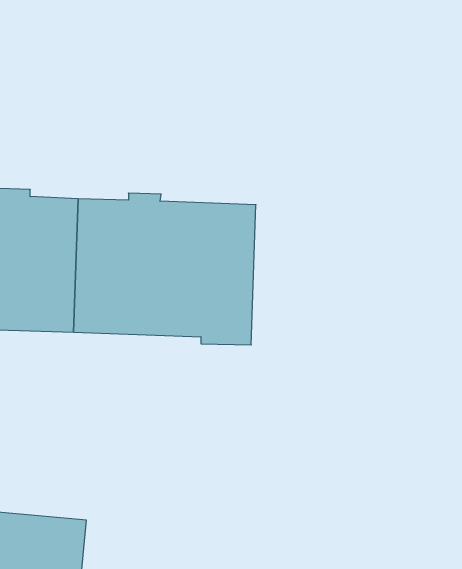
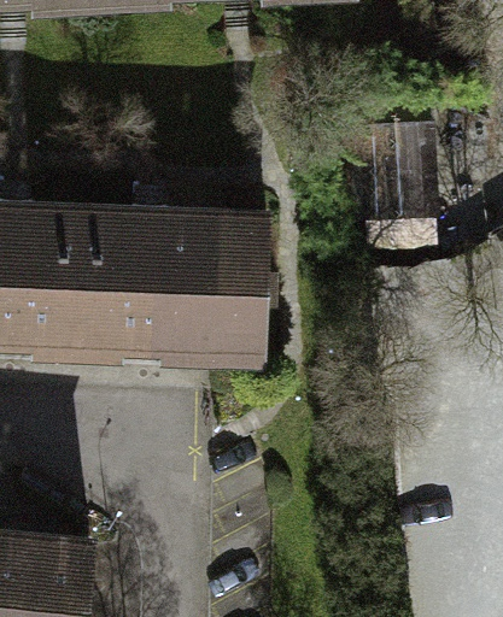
building: none -> [362,128,439,222]

